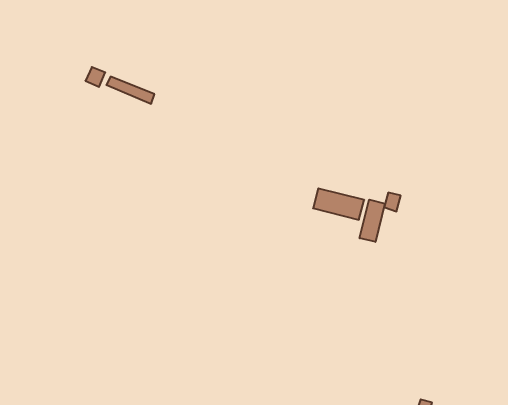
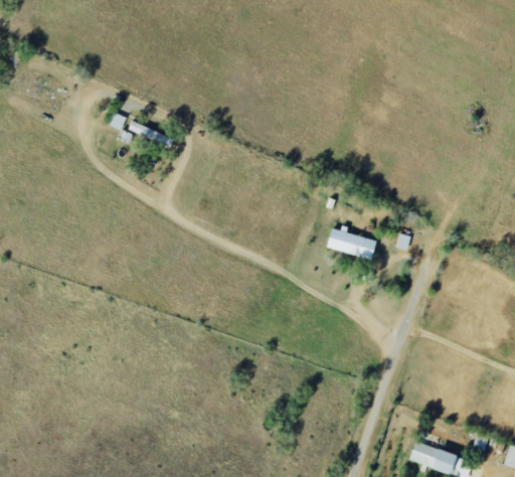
building: [360,200,385,242] -> none

